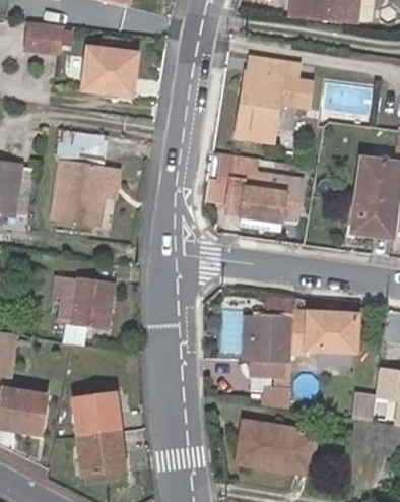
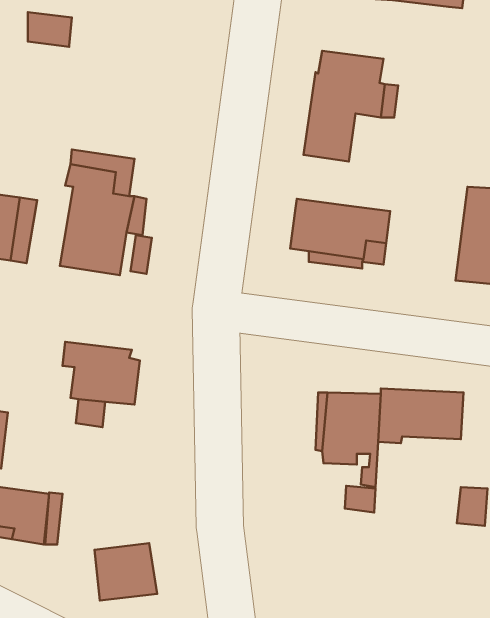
building: [82,50,136,96] -> none
building: [73,396,119,436] -> none
building: [243,420,317,474] -> none

